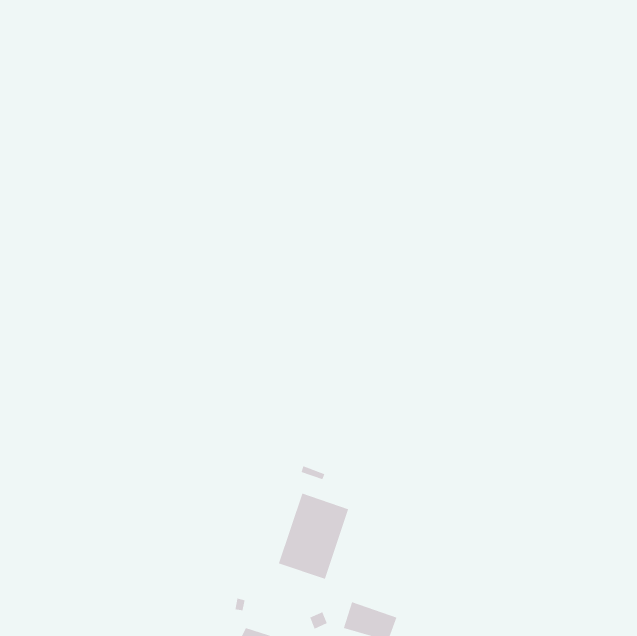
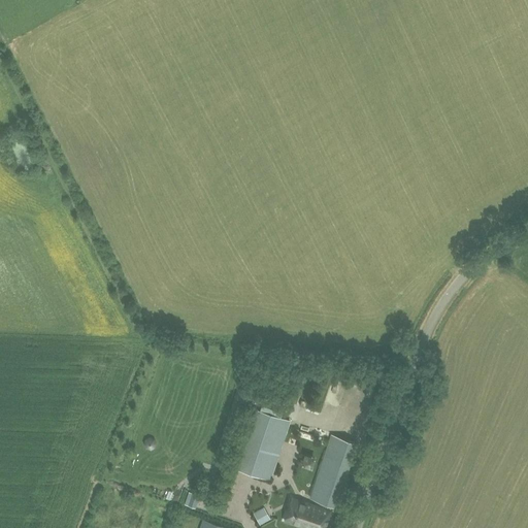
building: none -> [310,436,357,507]

